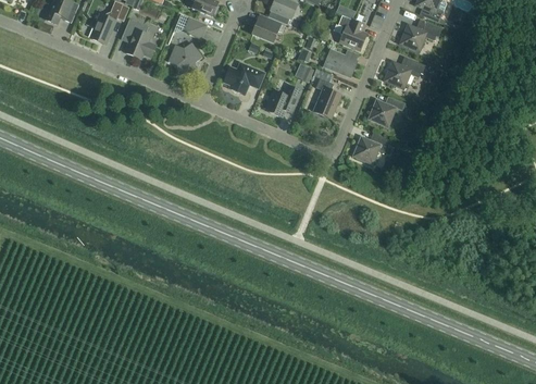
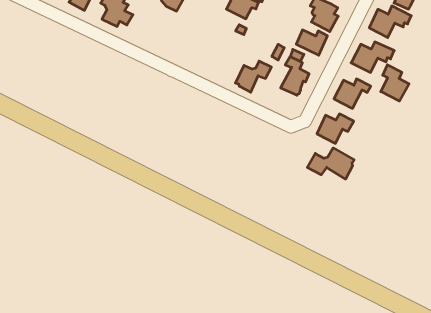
building: [167,41,202,73] -> none
building: [223,61,264,94] -> none
building: none -> [381,65,409,101]
building: none -> [307,148,354,179]

